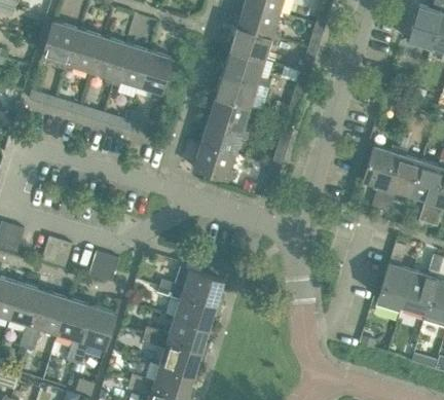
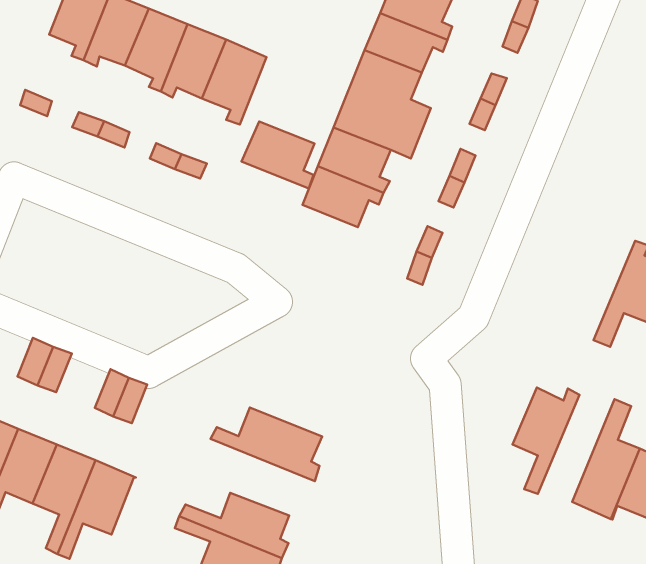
building: [192,144,235,181] -> [242,121,315,188]
building: [362,145,399,209] -> [513,388,580,494]
building: [156,287,222,328] -> none

